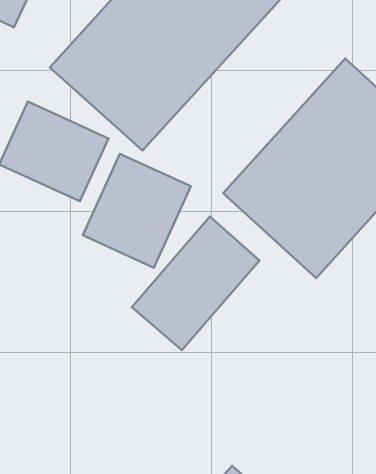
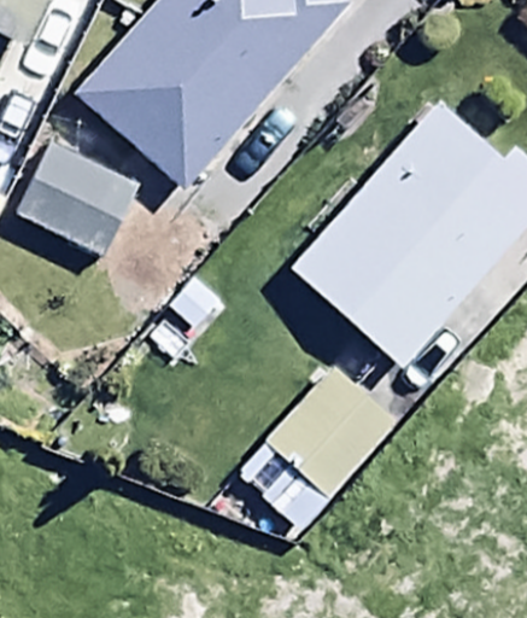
building: [83,154,191,268] -> none
building: [132,216,260,350] -> [245,357,399,519]

